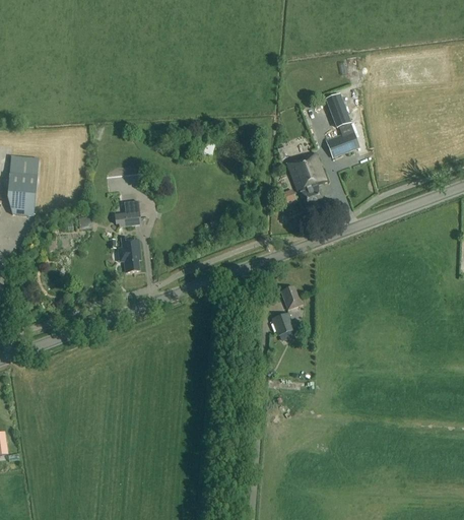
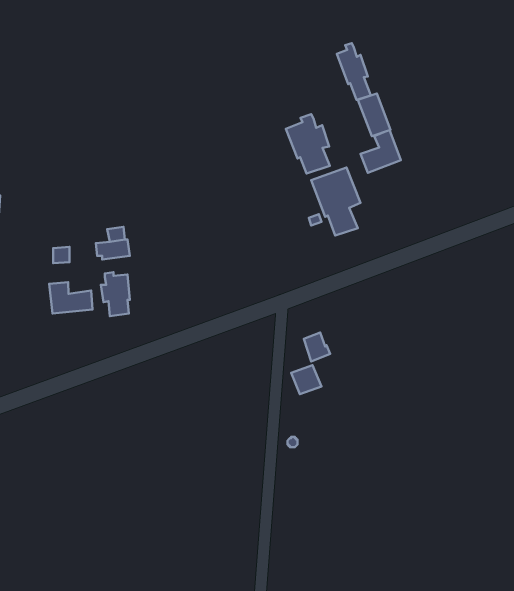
building: none -> [337,43,371,100]
building: none -> [286,114,330,174]
building: none -> [49,282,93,313]

